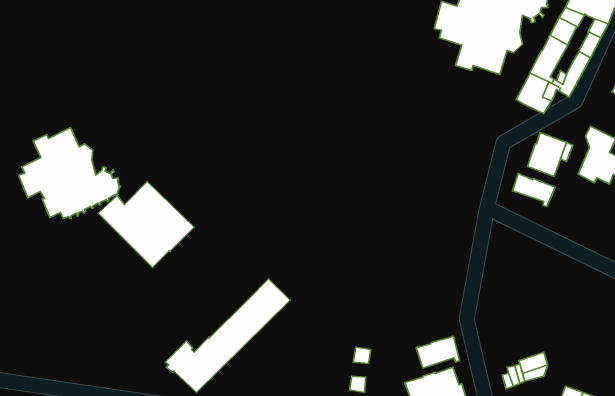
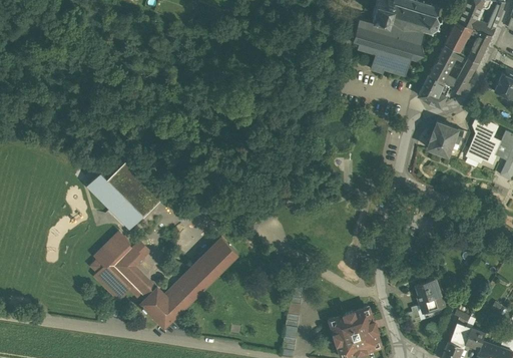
building: [18,127,120,219] -> none
building: [512,174,555,206] -> none
building: none -> [94,231,156,300]
building: none -> [416,279,440,303]
building: [416,336,459,368] -> none

